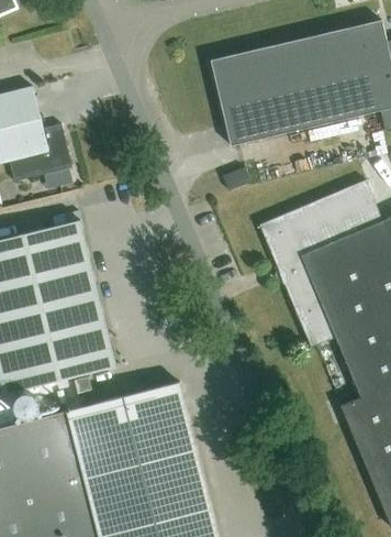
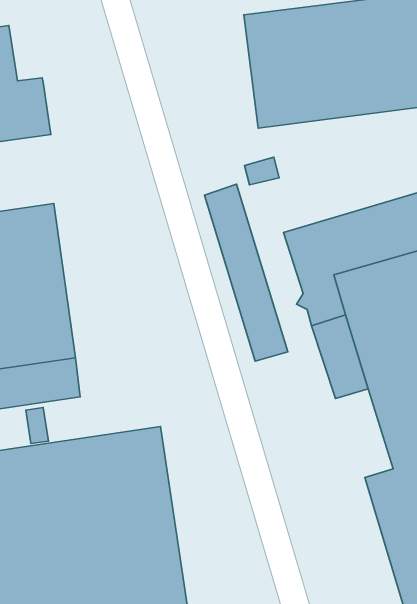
building: none -> [205,184,288,361]

